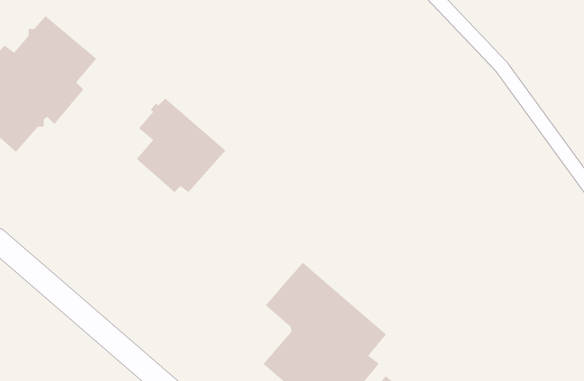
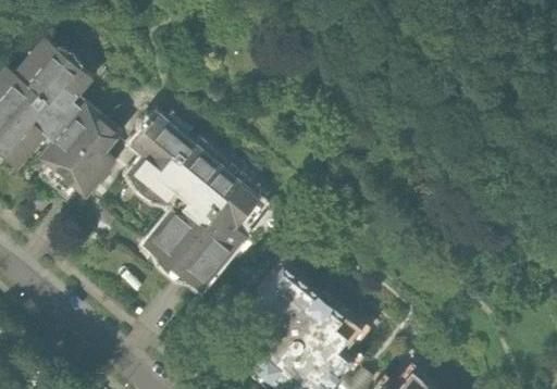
building: none -> [41,102,123,196]
building: none -> [145,164,259,290]

